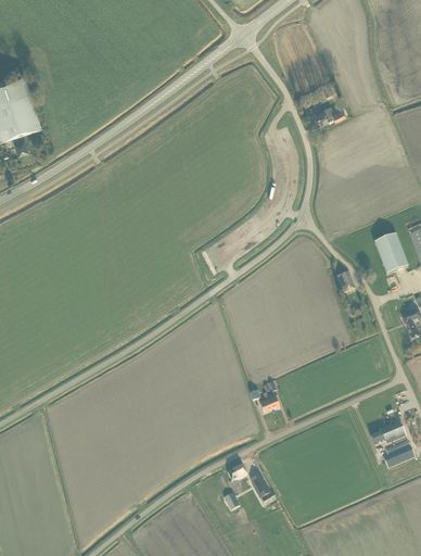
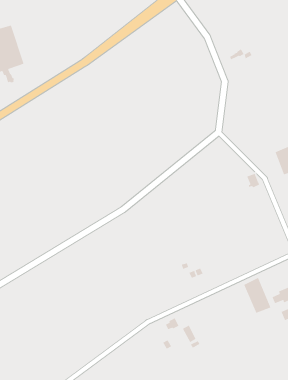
building: none -> [243,277,271,314]

